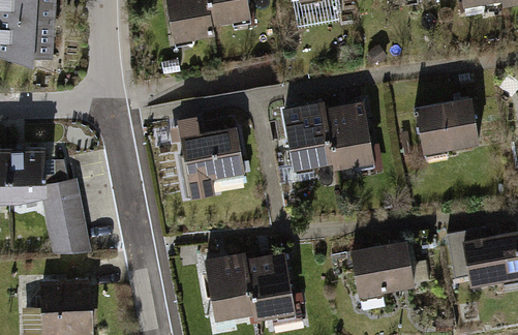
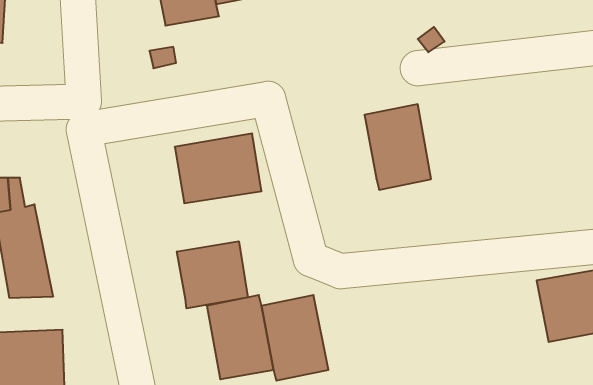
building: [417,97,481,155] -> none
building: [283,104,335,171] -> none
building: none -> [177,241,248,308]
building: [348,241,417,298] -> none

